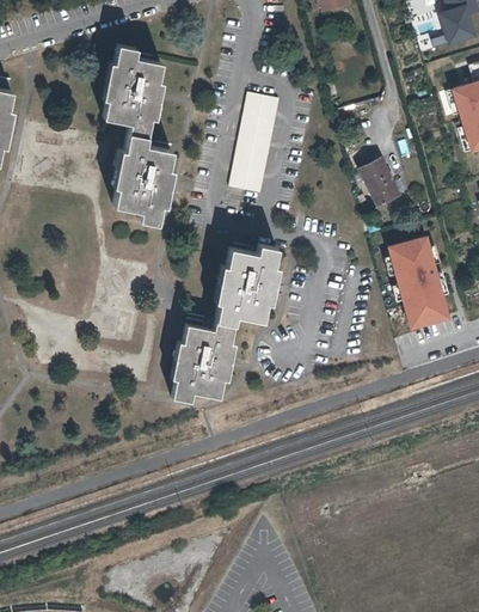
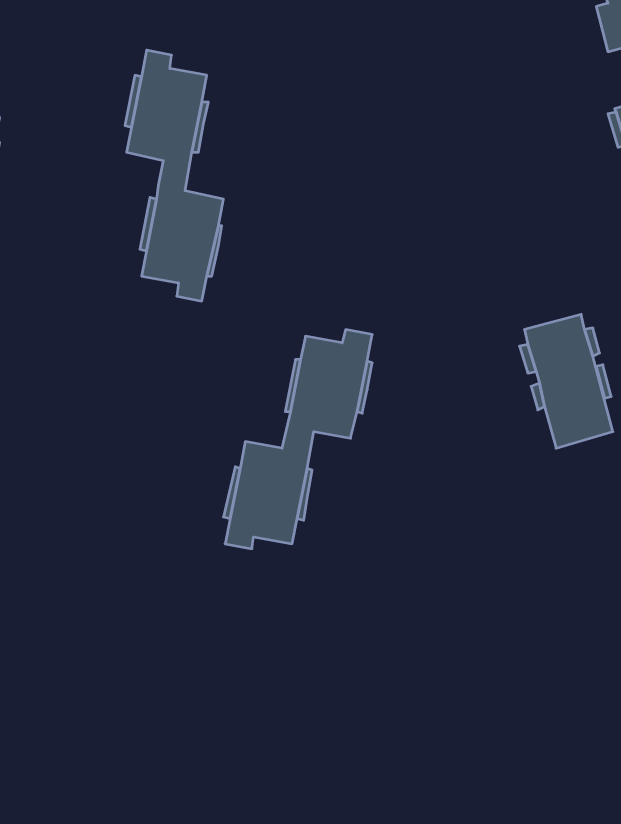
building: [229,96,278,195] -> none
building: [355,159,399,210] -> none

